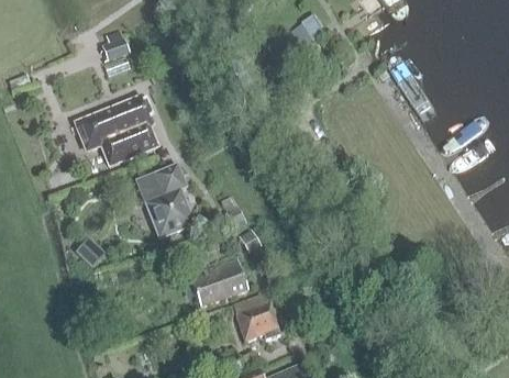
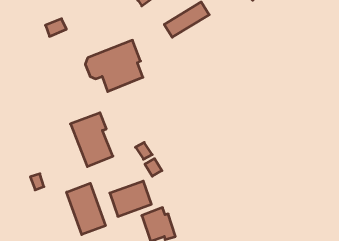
building: [78,94,157,165] -> [85,40,143,92]
building: none -> [67,183,105,235]

